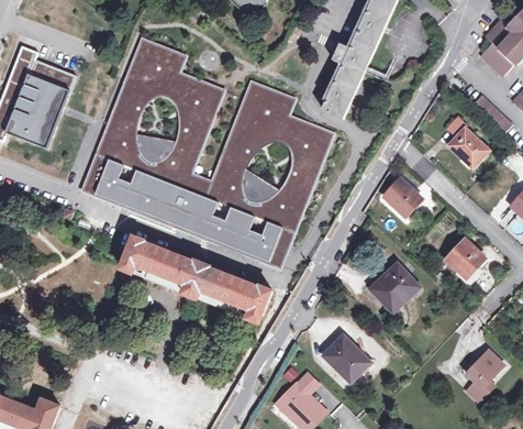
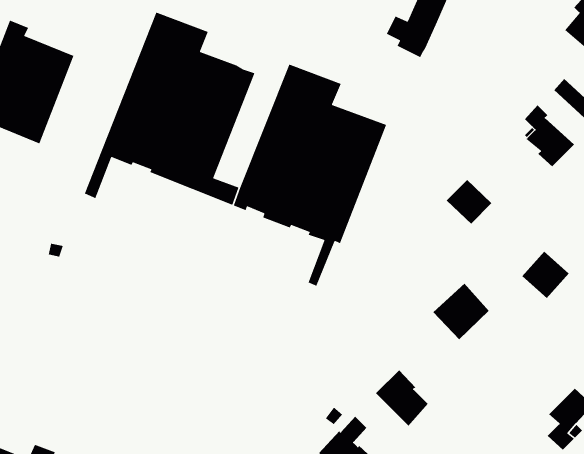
building: [322,67,360,118] -> none
building: [92,160,280,263] -> none
building: [121,234,271,321] -> none

